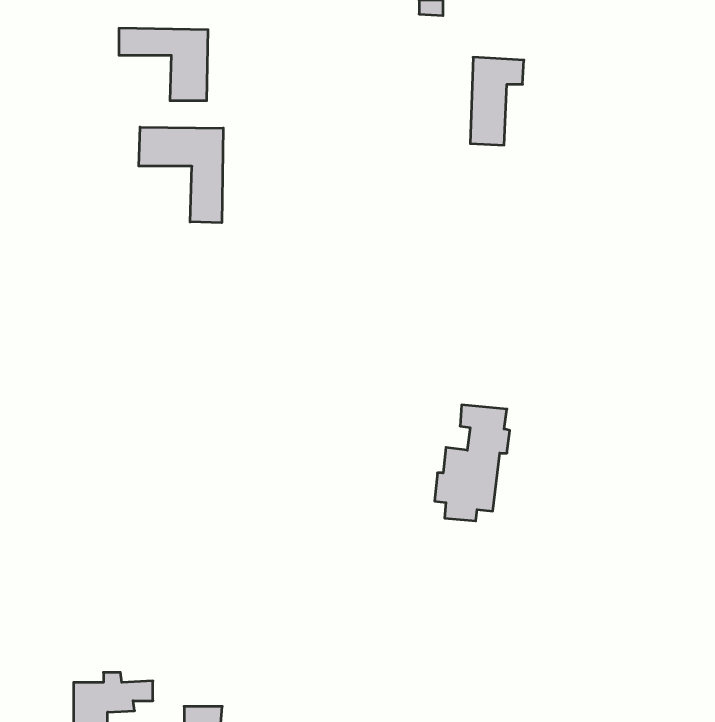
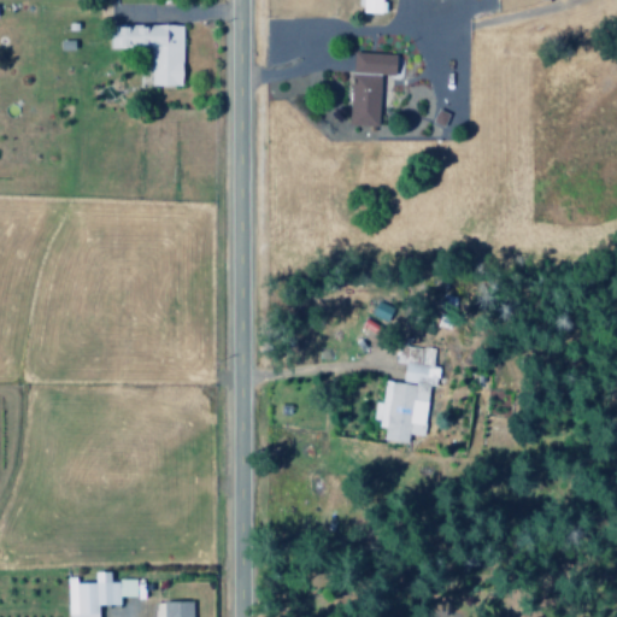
building: [470,57,524,145] -> [351,53,396,128]
building: [139,127,223,223] -> none

